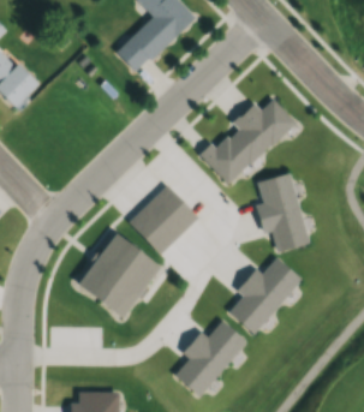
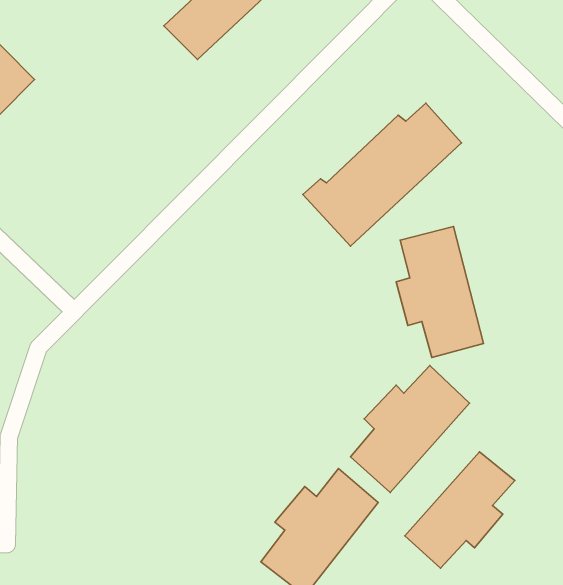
building: [129,185,198,255] -> none
building: [77,233,160,318] -> none
building: none -> [405,452,515,568]

